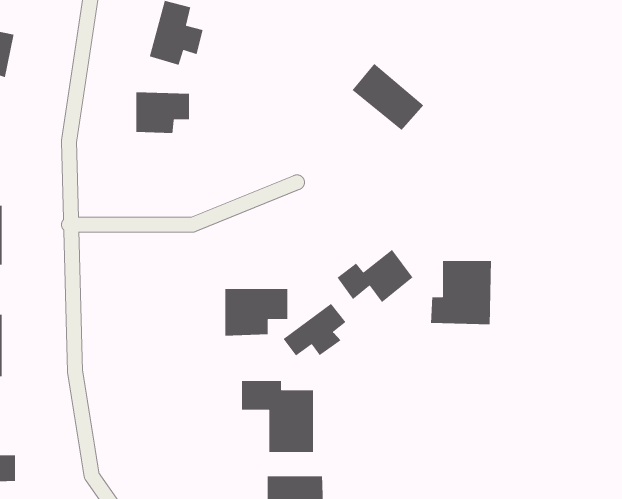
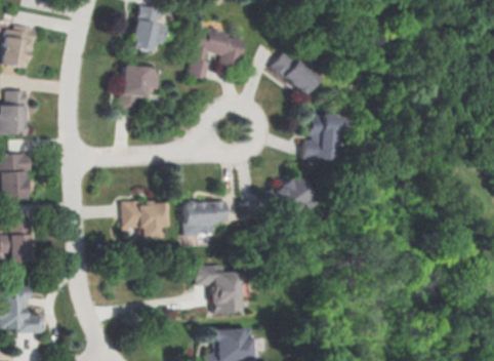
building: none -> [188,26,248,78]
building: [430,260,492,325] -> [301,116,343,160]
building: none -> [123,202,168,238]
building: [282,303,347,356] -> none

